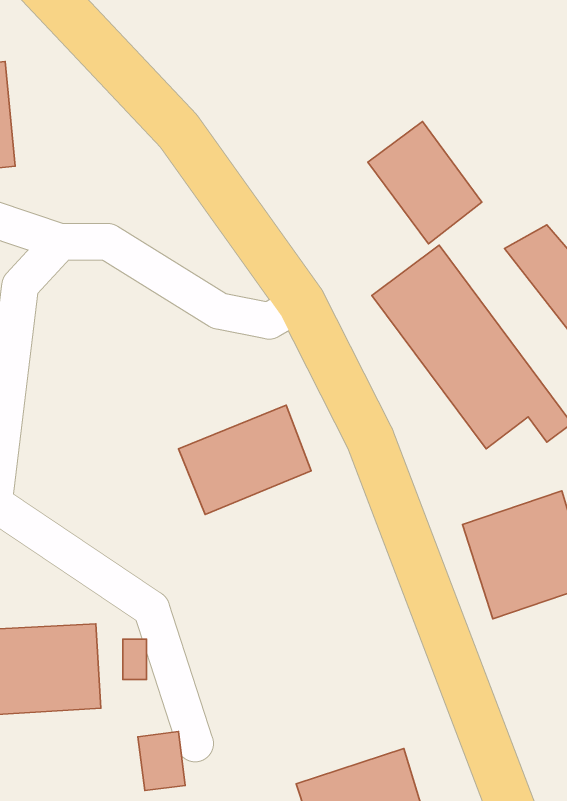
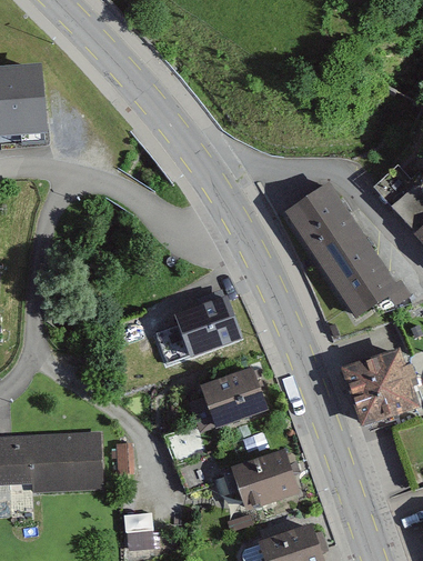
building: [368,122,482,244] -> none
building: none -> [181,364,263,433]
building: none -> [213,445,299,519]

